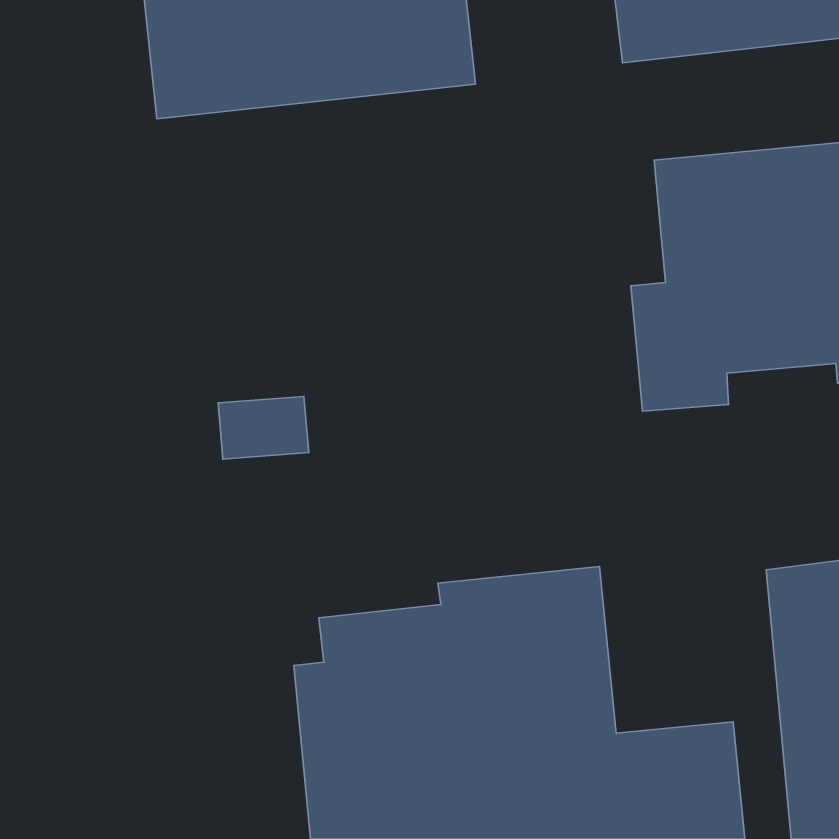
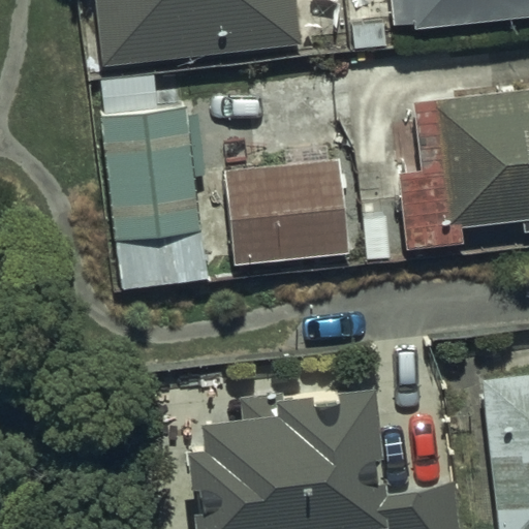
building: none -> [96,113,201,249]
building: none -> [224,164,351,275]

